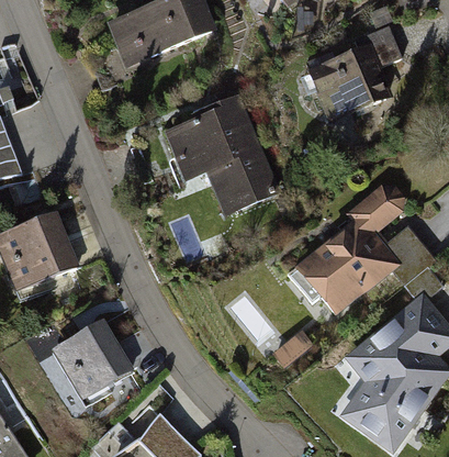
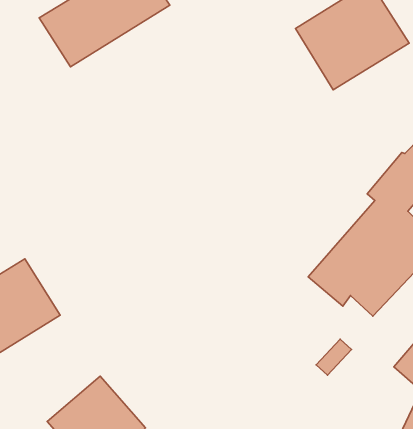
building: [160,101,277,214] -> none

